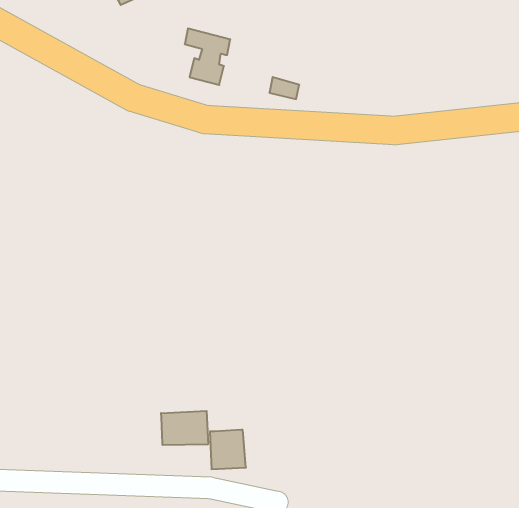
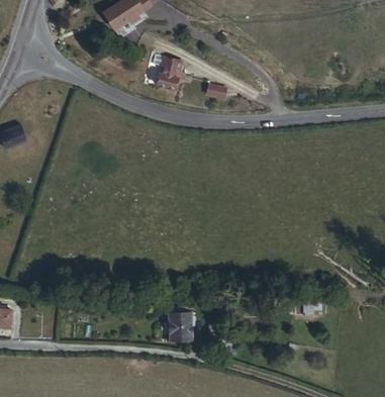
building: [161,411,208,445] -> none

